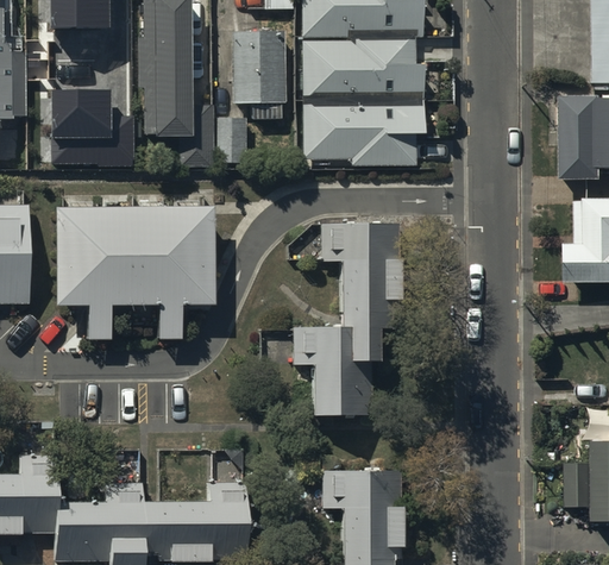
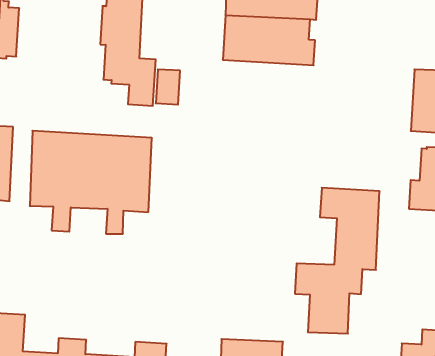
building: [232,31,287,118] -> none
building: [51,84,134,163] -> none
building: [302,99,423,164] -> none
building: [293,224,398,416] -> [295,188,380,334]

